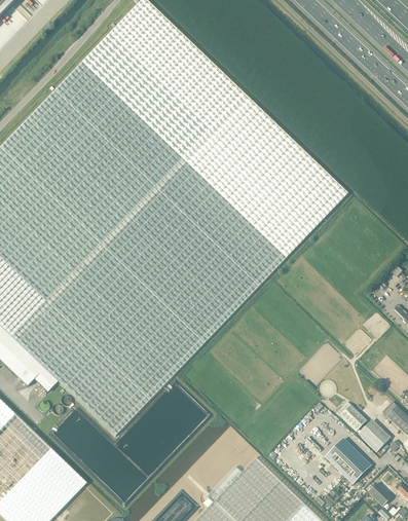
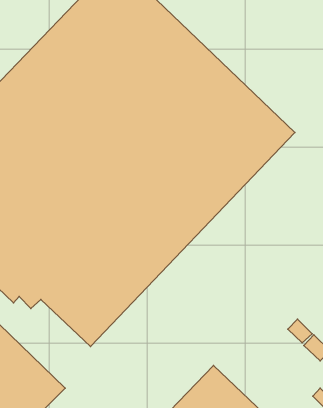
building: [325,438,370,483] -> none

